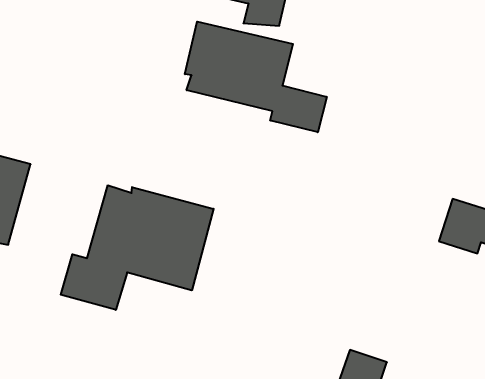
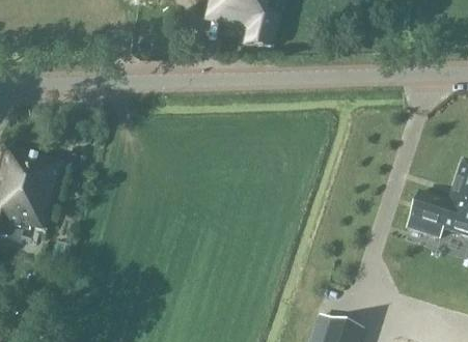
building: [185,22,327,132] -> none
building: [61,185,214,310] -> none

